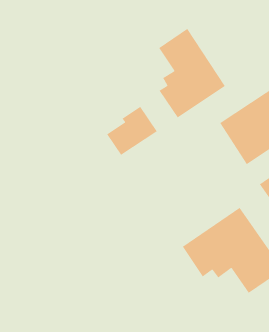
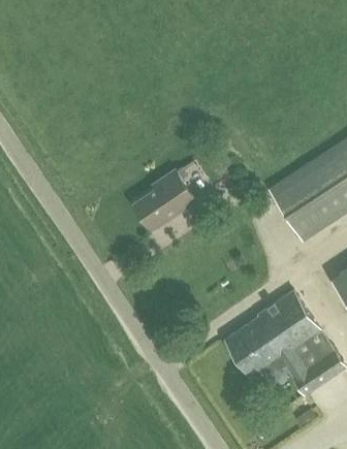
building: [158,28,226,119] -> none

